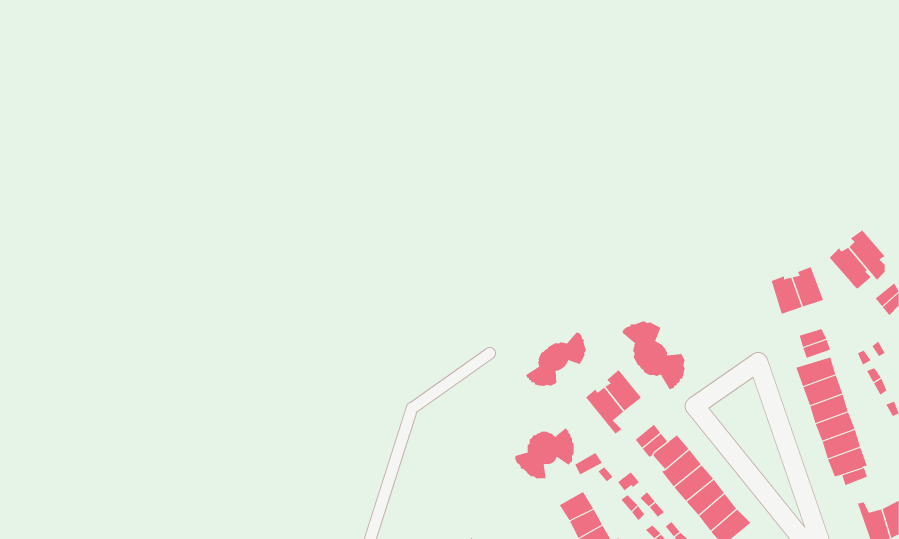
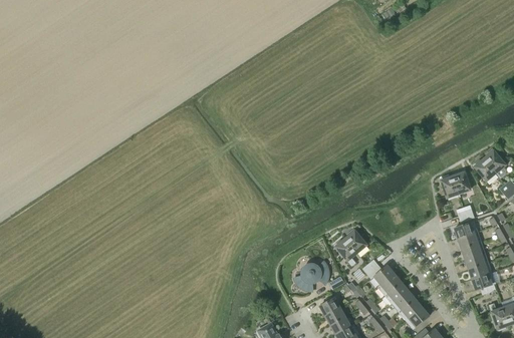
building: [622,320,685,390] -> none
building: [526,332,587,387] -> none

